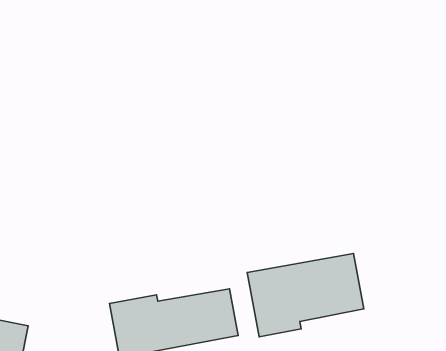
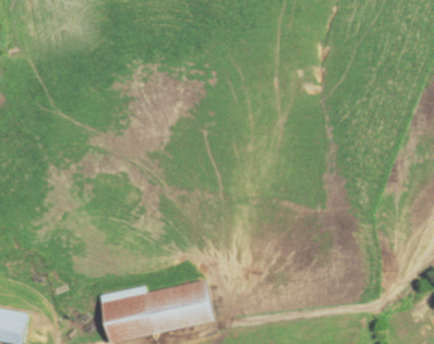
building: [247,253,364,337] -> none

